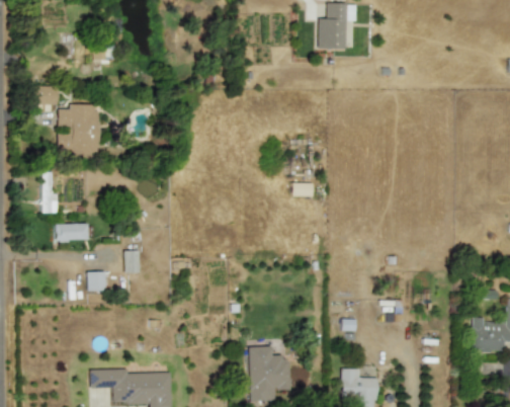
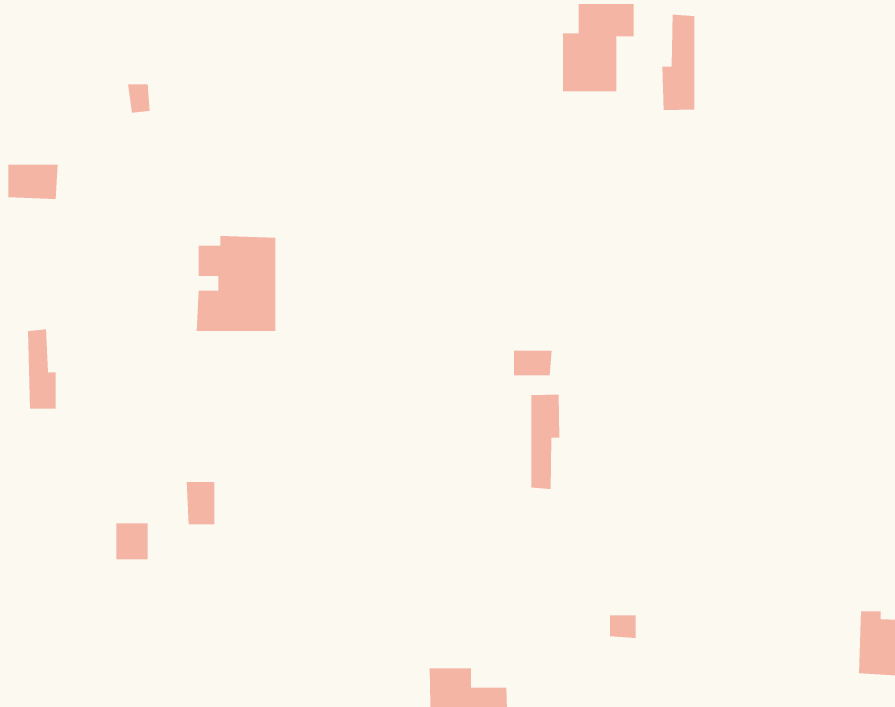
building: none -> [662,14,695,111]
building: [57,103,98,153] -> [196,235,276,331]
building: none -> [531,394,560,490]
building: [55,223,87,241] -> none

